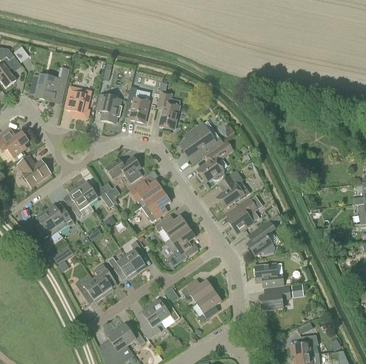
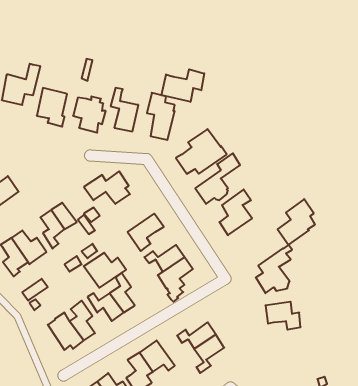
building: none -> [161,69,204,102]
building: [128,176,163,205] -> [84,253,126,288]
building: [228,196,259,234] -> [278,199,315,245]
building: [261,285,291,310] -> none

